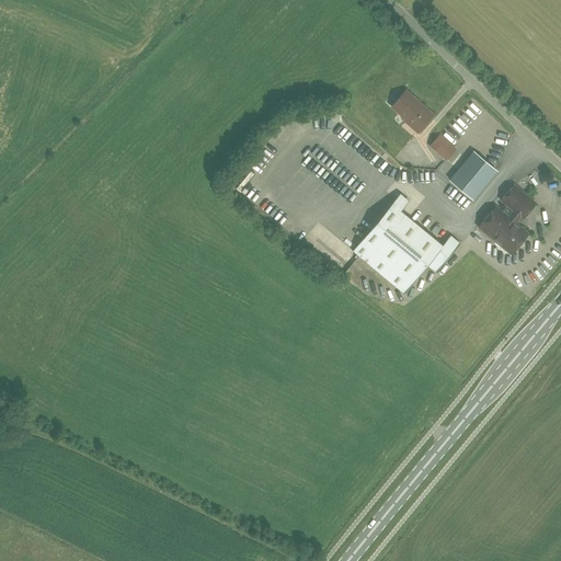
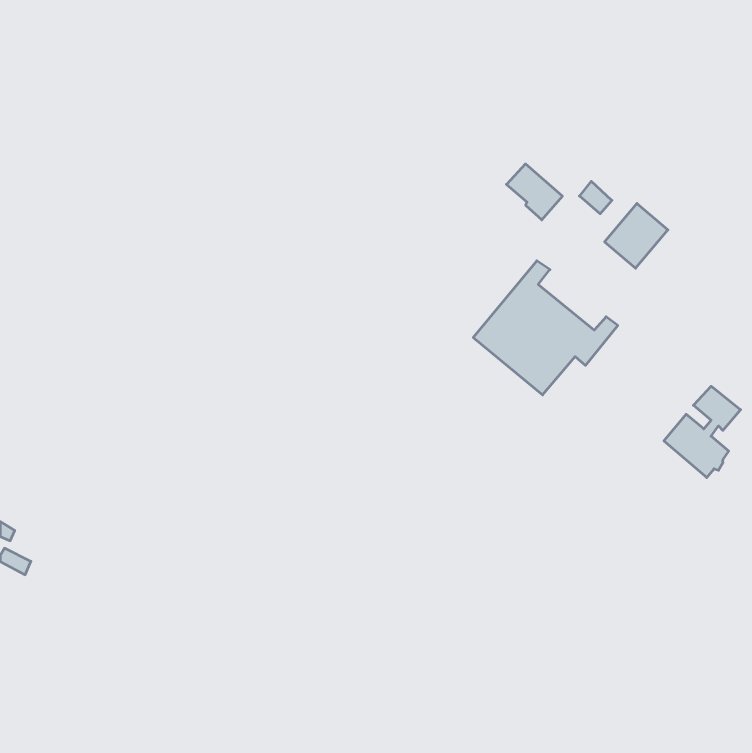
building: [392,91,434,133] -> [506,164,562,220]
building: [480,185,537,253] -> [664,386,741,478]

